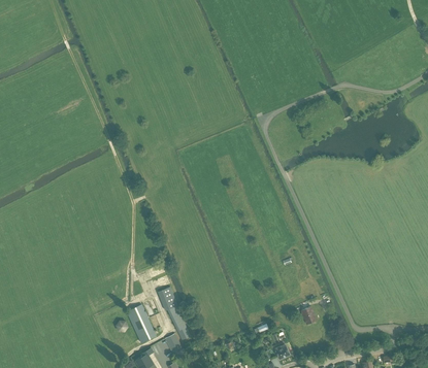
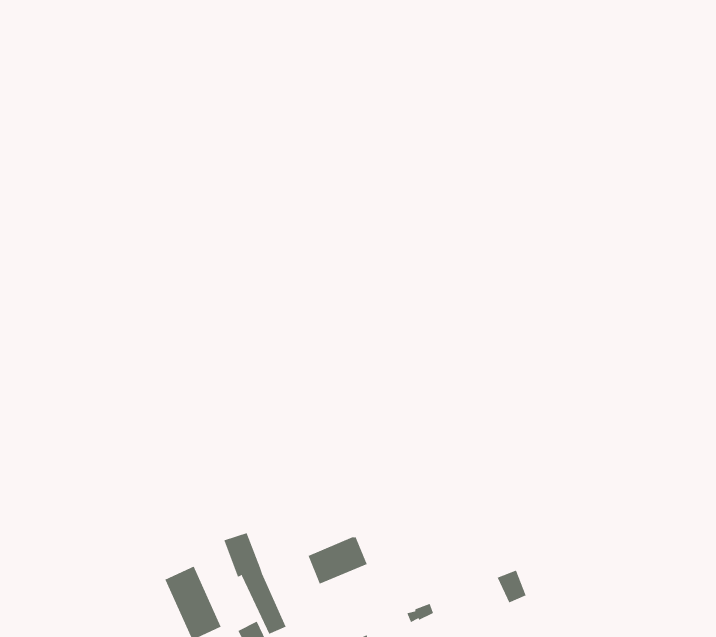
building: none -> [308,536,367,584]

